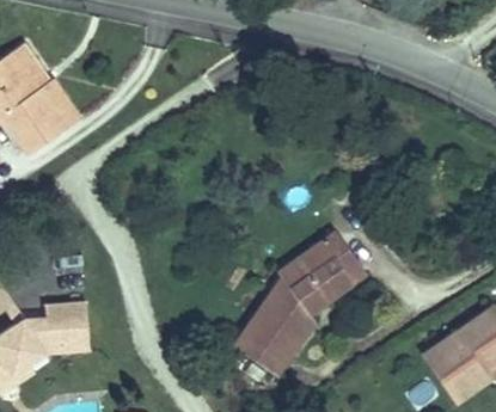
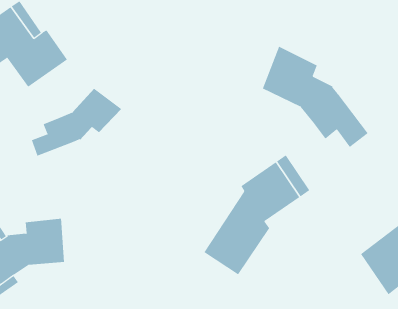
building: none -> [262,46,369,148]
building: none -> [31,88,122,157]

